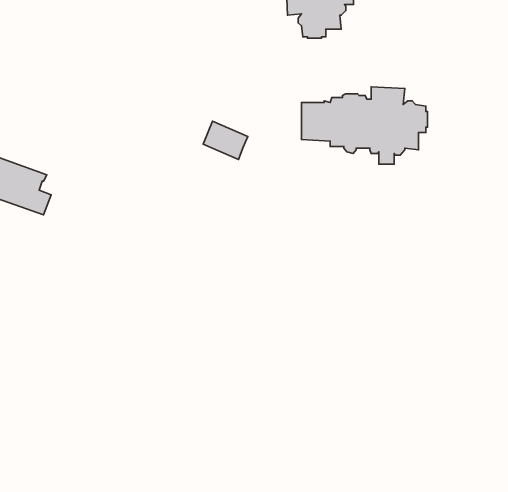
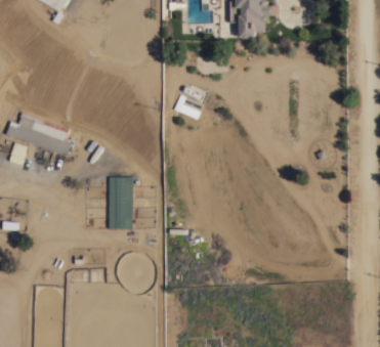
building: [301,87,427,164] -> none
building: none -> [109,176,132,228]

